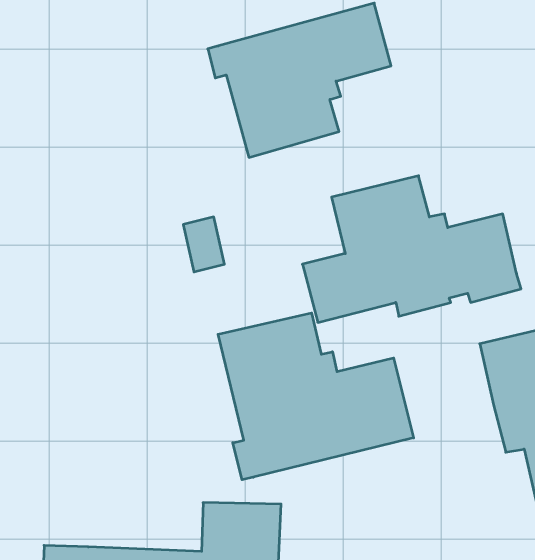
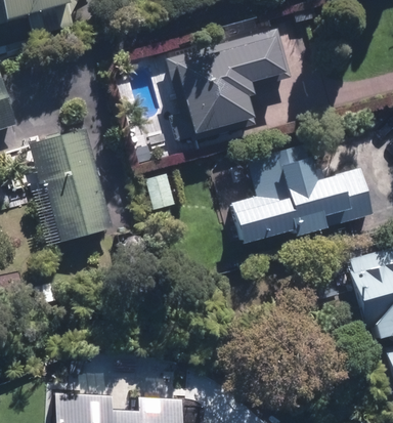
building: none -> [32,132,111,247]
building: [218,313,414,480] -> none

